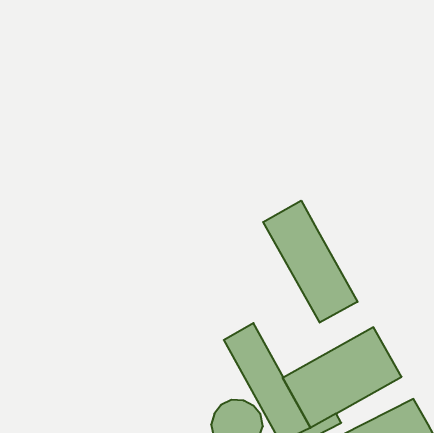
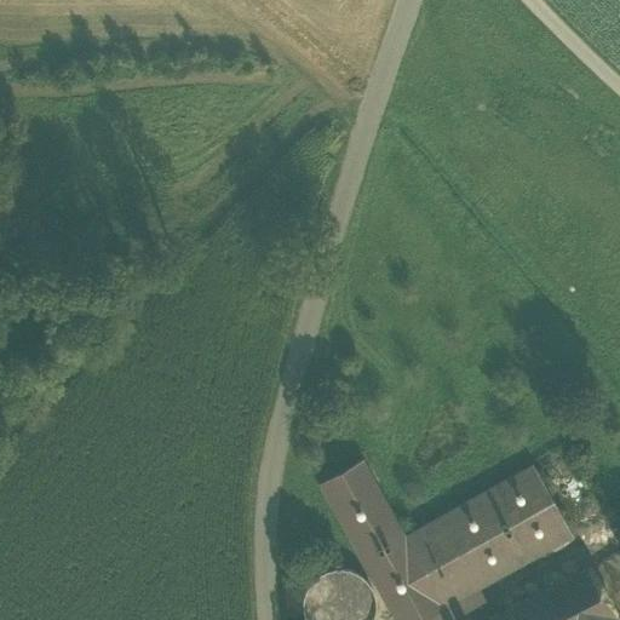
building: [263,201,358,323] -> none

